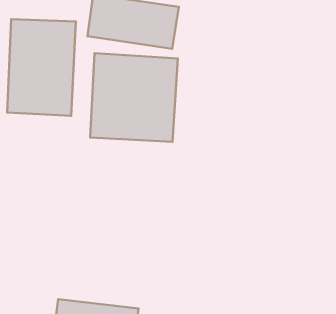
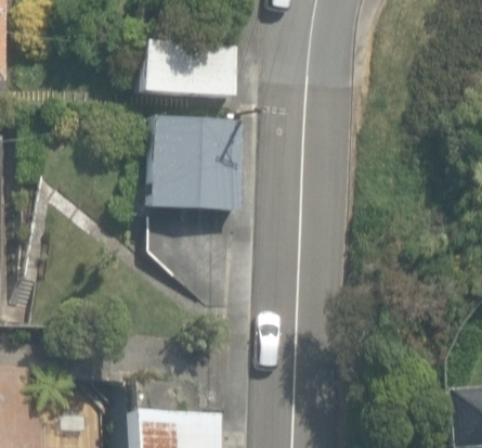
building: [7,19,76,116] -> none

